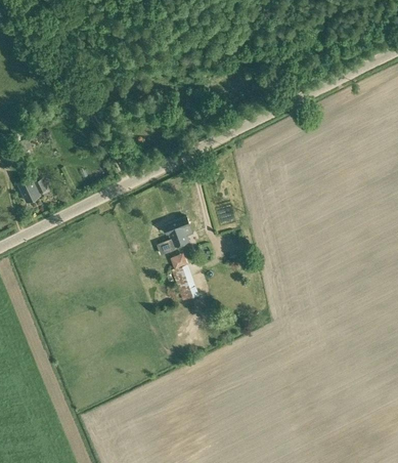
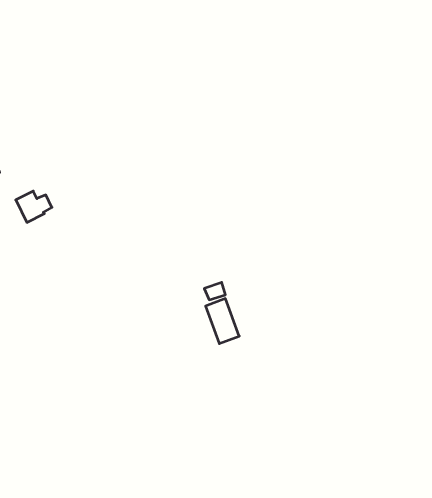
building: [163,220,188,250] -> none

